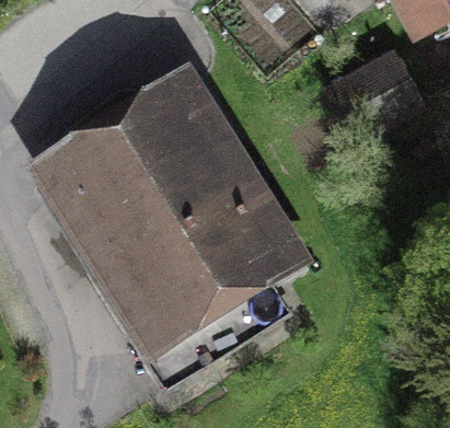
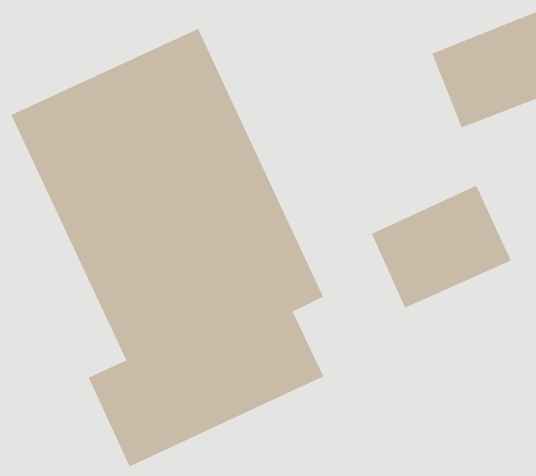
building: none -> [371,185,512,309]

